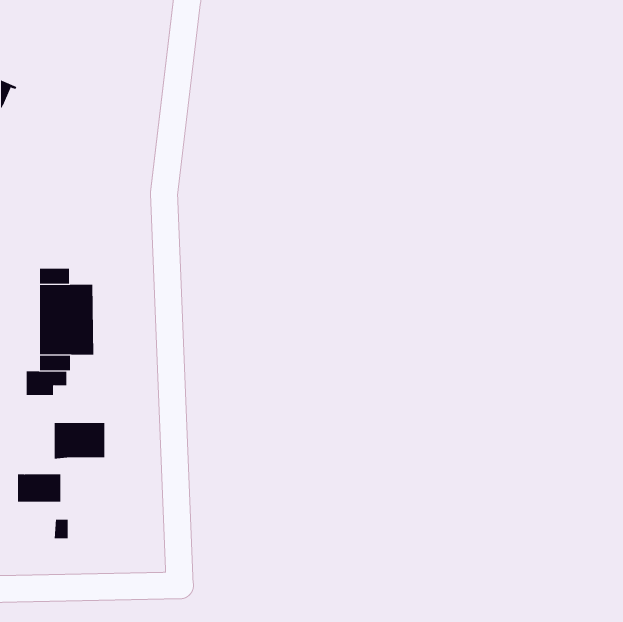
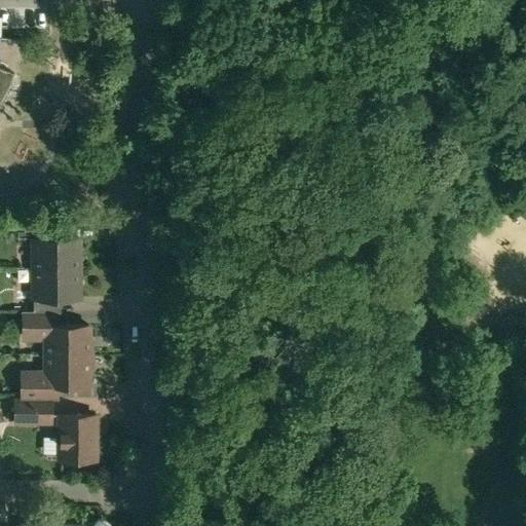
building: none -> [47,327,90,358]
building: none -> [23,380,59,401]
building: none -> [62,417,97,462]

